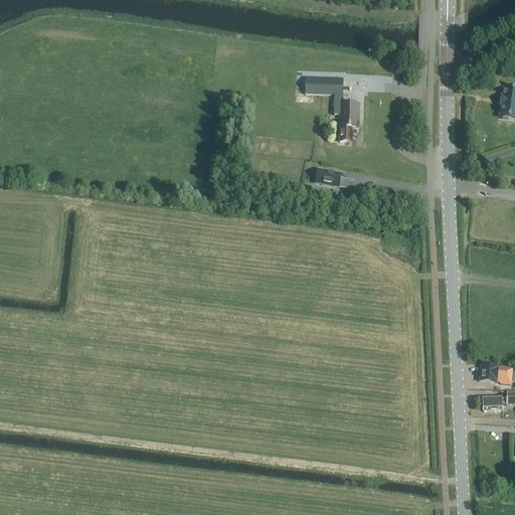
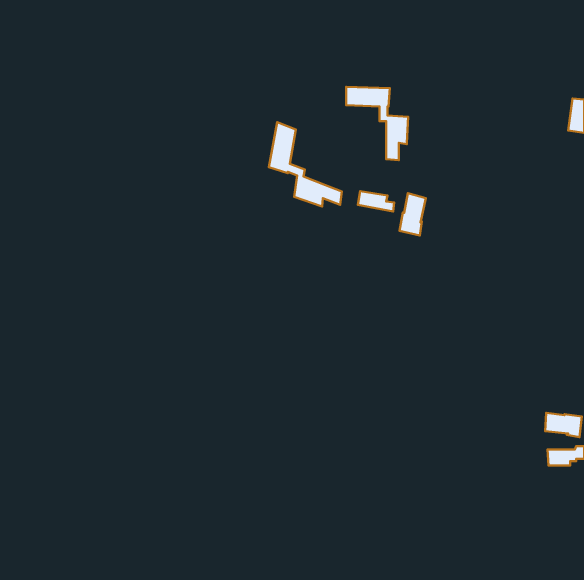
building: none -> [269,122,342,207]
building: none -> [399,193,426,235]

